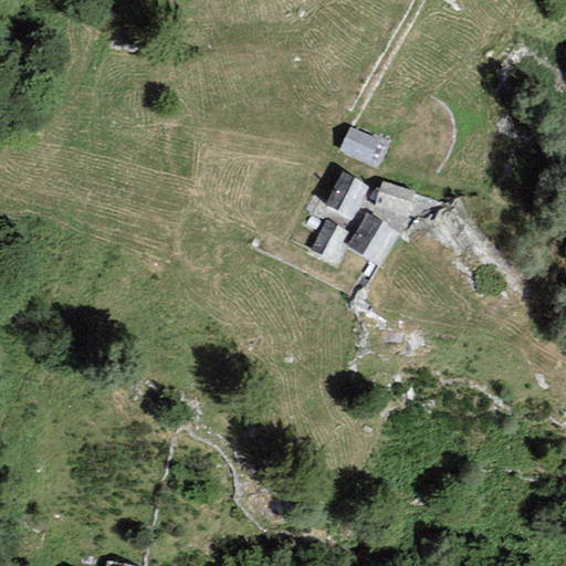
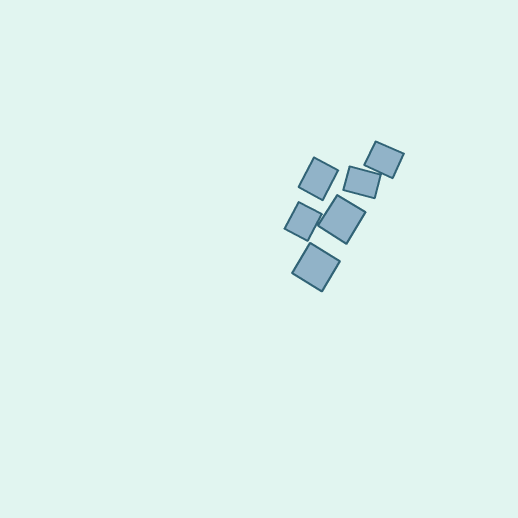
building: [338,125,381,165] -> [364,142,404,178]
building: none -> [292,243,340,291]

